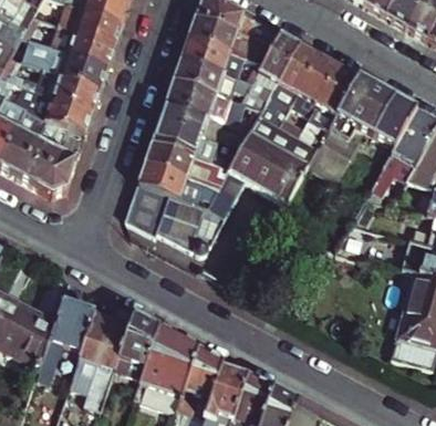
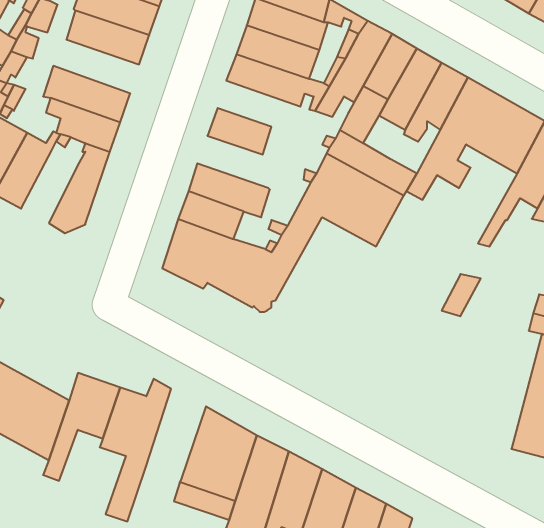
building: [42,44,107,86] -> none
building: [167,76,231,117] -> none
building: [152,118,212,158] -> none
building: [18,129,61,185] -> none
building: [113,311,158,380] -> none

